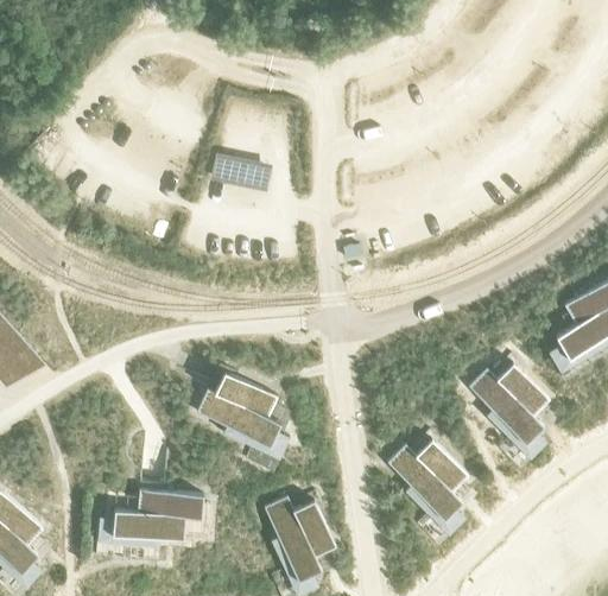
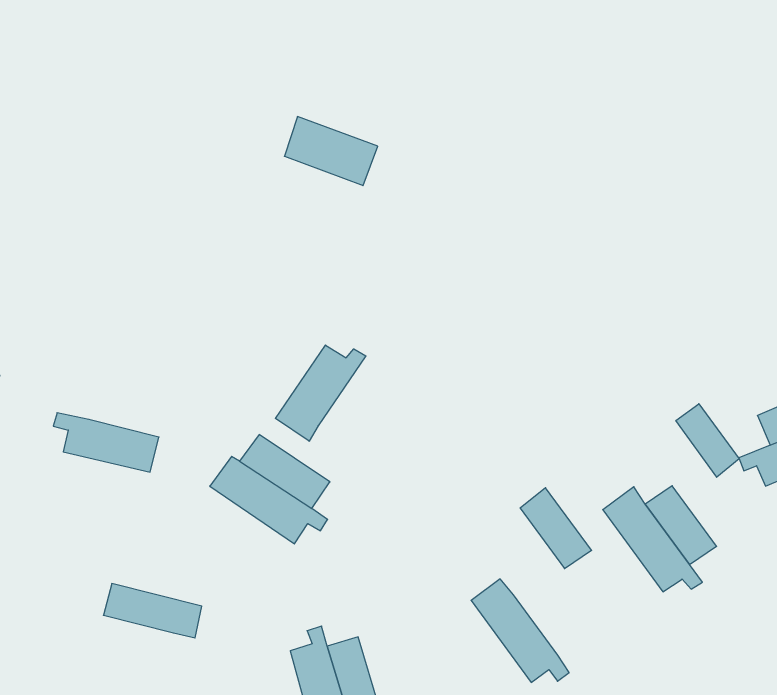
building: none -> [275,345,366,441]
building: none -> [676,404,739,477]
building: [416,440,469,494] -> [520,488,592,569]
building: [113,513,186,544] -> [53,413,159,472]

